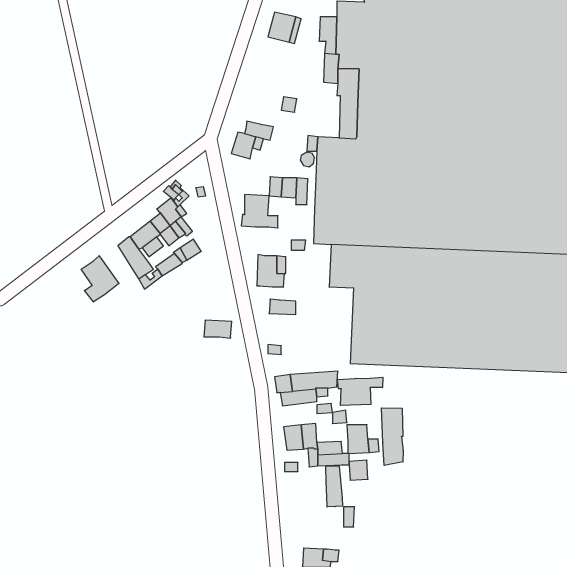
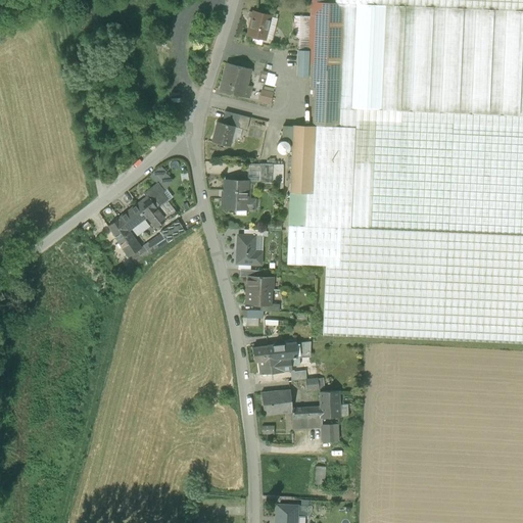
building: none -> [220,62,253,97]
building: none -> [287,224,305,264]
building: [81,256,119,302] -> none
building: [204,320,232,338] -> [247,288,273,304]
building: [337,377,383,405] -> none
building: [382,408,403,465] -> none
building: [326,466,343,507] -> none

